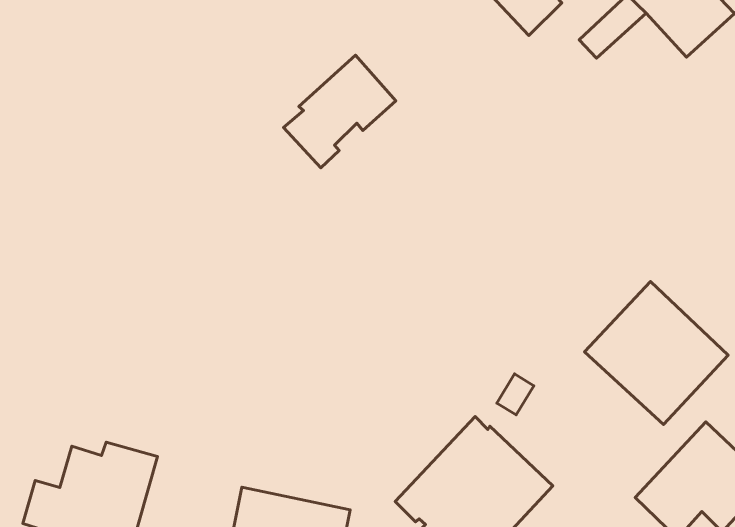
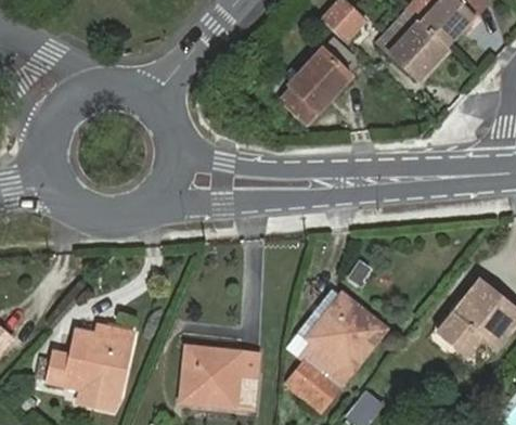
building: none -> [390,21,448,78]
building: [283,55,396,168] -> [281,49,351,123]
building: [584,281,728,425] -> none

